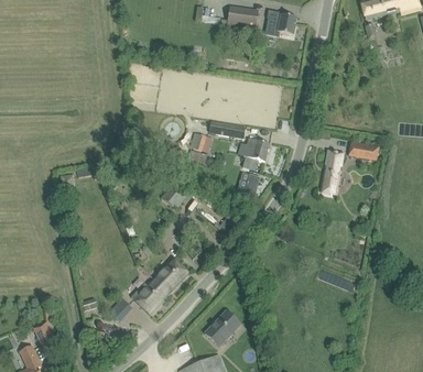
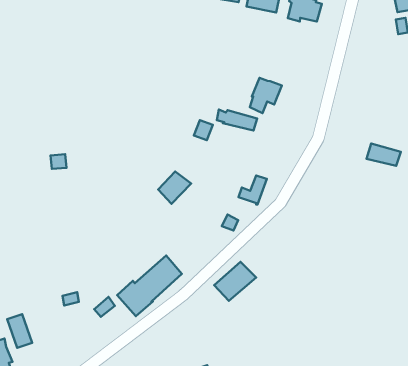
building: [242,138,270,169] -> [250,78,282,113]
building: [321,149,343,194] -> none
building: [204,309,241,346] -> [214,262,256,301]

